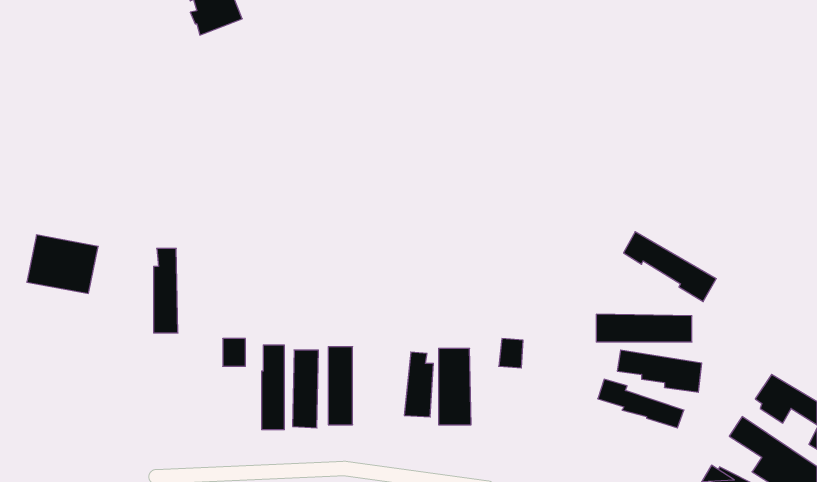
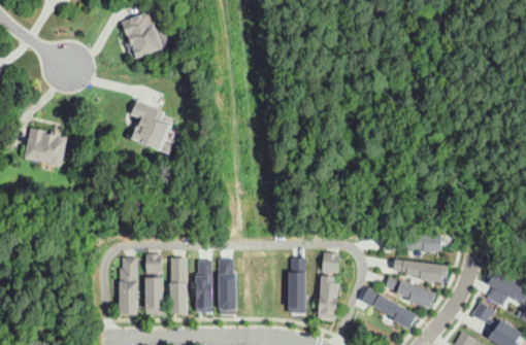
building: none -> [132,104,174,146]
building: [624,232,716,302] -> [365,290,424,335]
building: [27,235,98,293] -> [26,132,71,169]
building: [154,248,178,333] -> [122,255,137,309]
building: [404,352,433,417] -> [319,275,337,316]
building: none -> [147,275,163,309]

